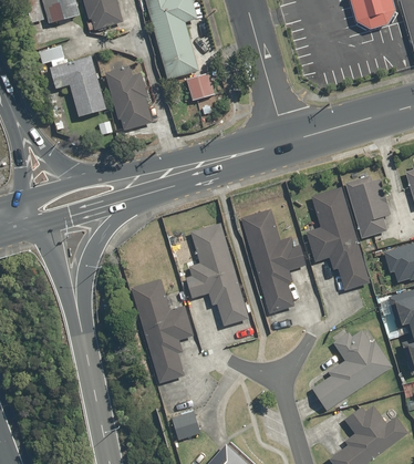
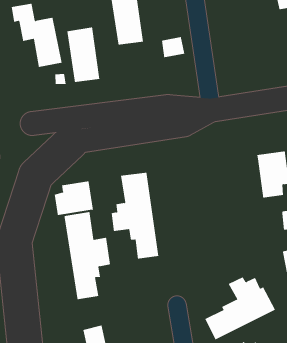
building: [186,74,216,102] -> [161,36,185,58]
building: [307,186,369,289] -> none
building: [242,208,308,313] -> none
building: none -> [54,181,93,216]

